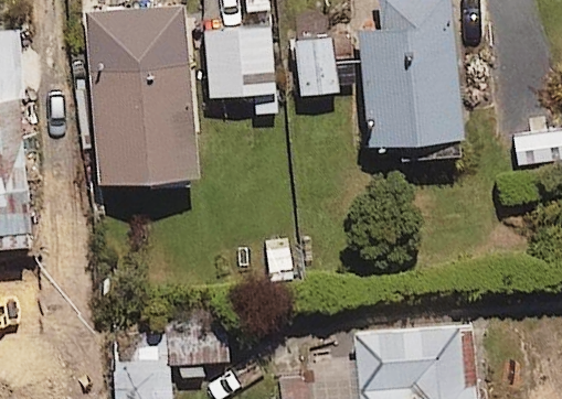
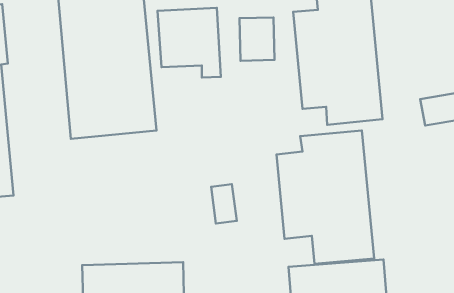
building: none -> [277,130,374,264]

